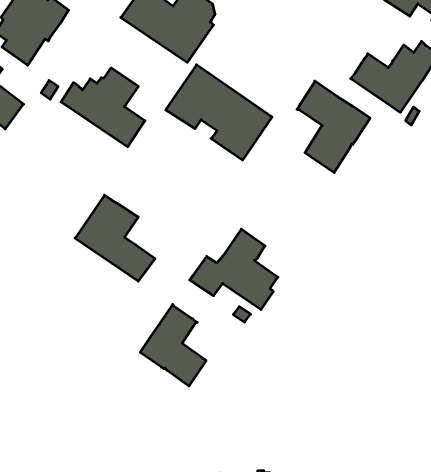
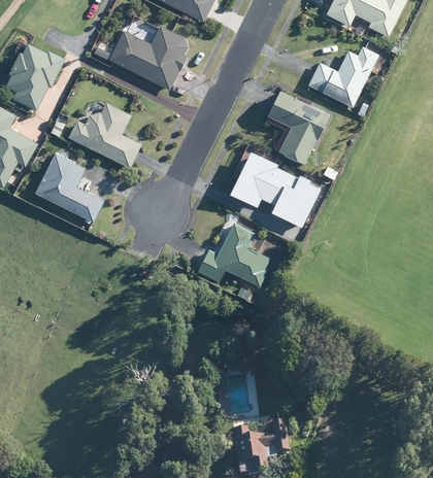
building: [166,65,272,160] -> [231,153,321,228]
building: [75,195,155,281] -> [33,153,102,221]
building: [140,304,206,386] -> none

